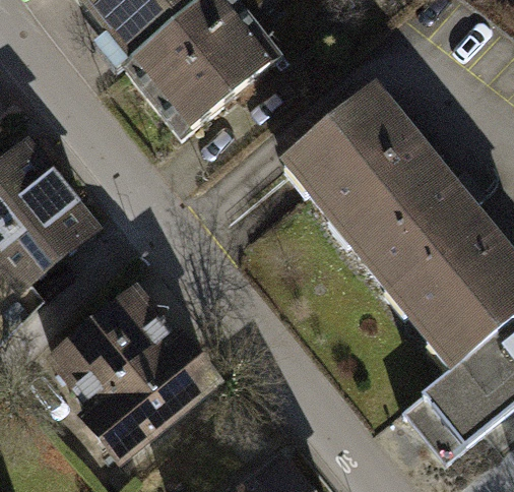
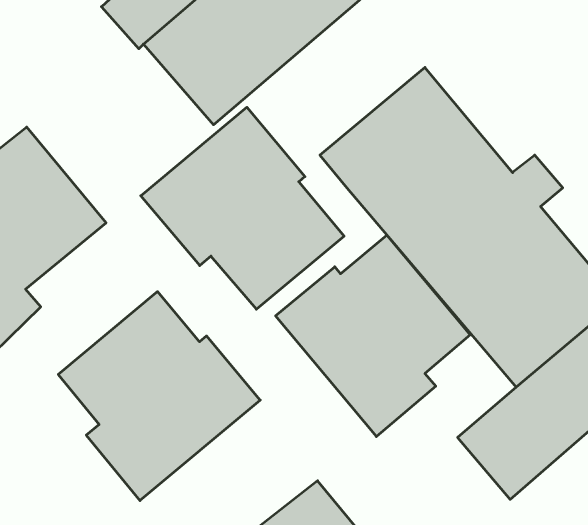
building: none -> [141,107,344,309]
building: none -> [276,235,470,437]

